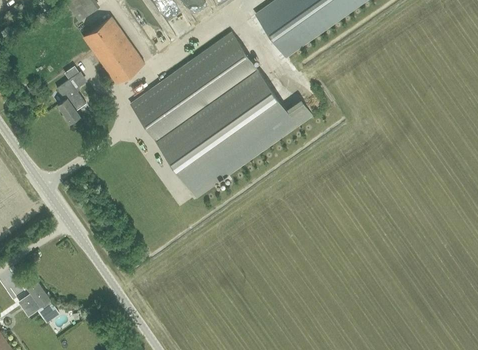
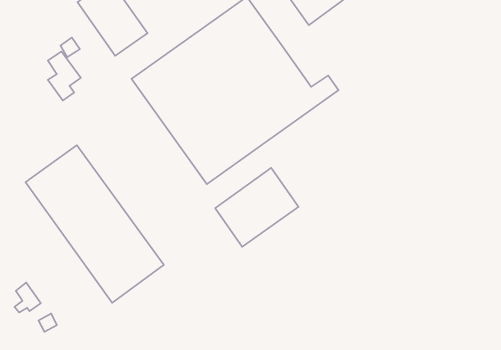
building: none -> [25,145,164,303]
building: none -> [215,168,299,247]

